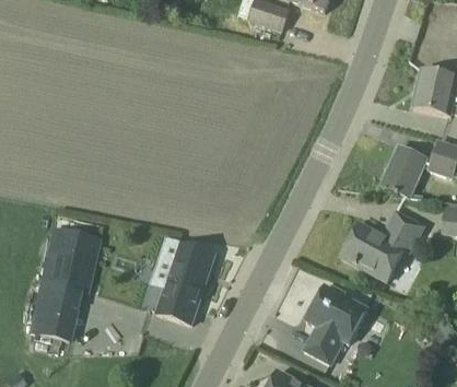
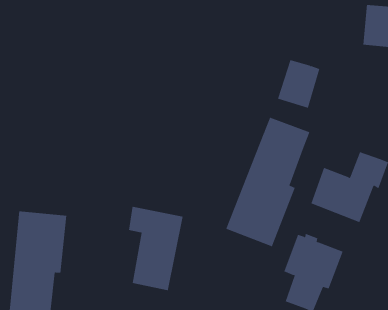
building: [379,146,425,197] -> [277,59,320,108]
building: none -> [226,117,310,247]

